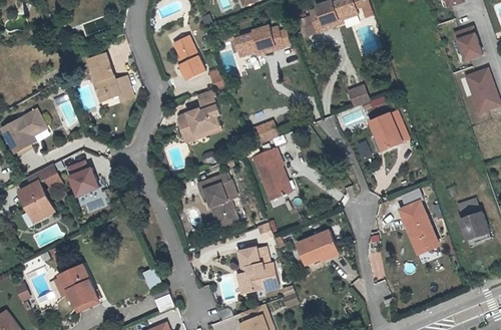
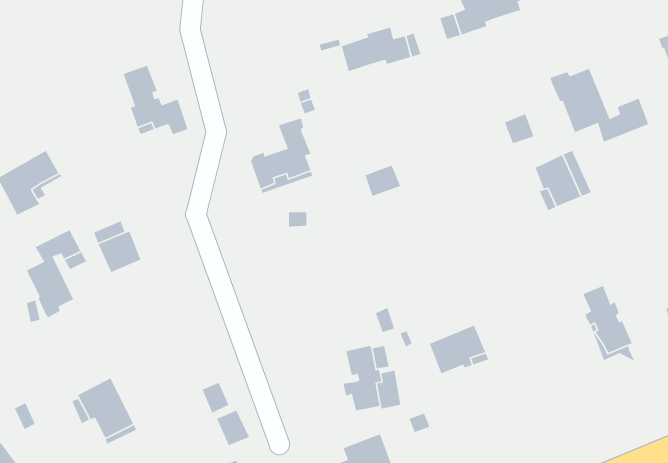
building: [172,34,203,77] -> none
building: none -> [550,68,649,143]
building: [256,146,291,198] -> none
building: [199,172,235,215] -> none

